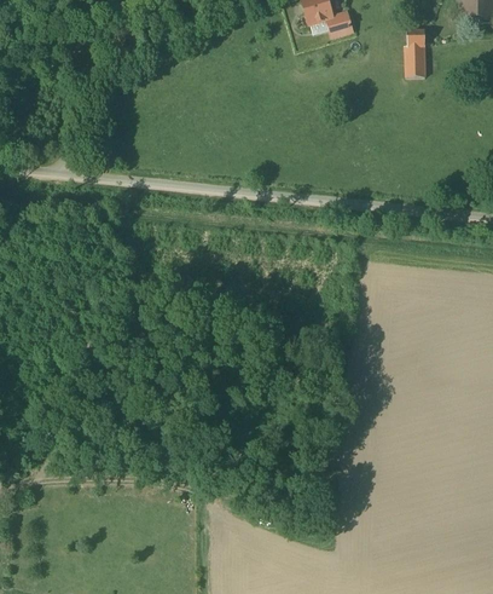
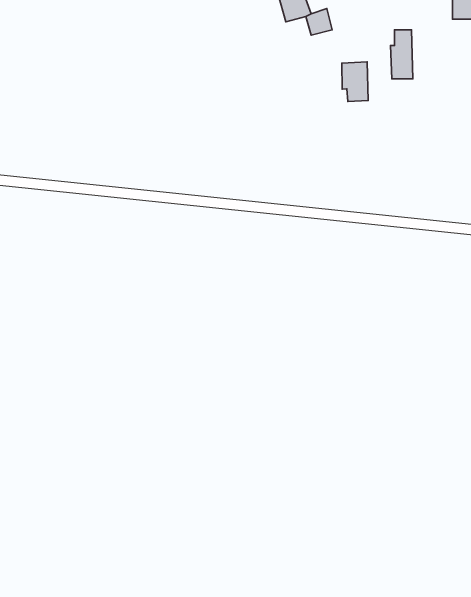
building: none -> [342,62,368,101]

